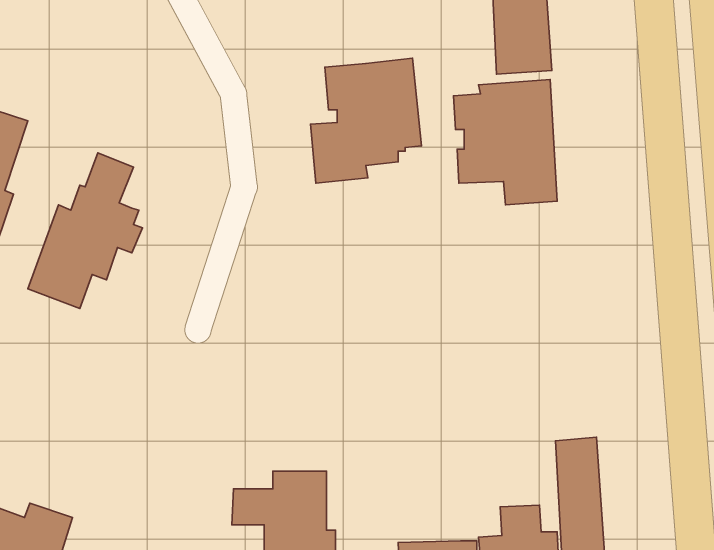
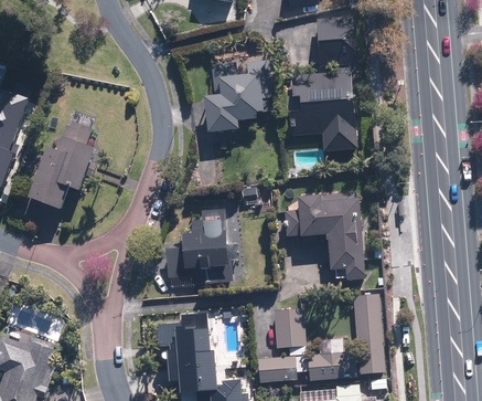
building: none -> [285,193,362,281]
building: none -> [165,210,231,283]
building: none -> [269,310,304,353]

